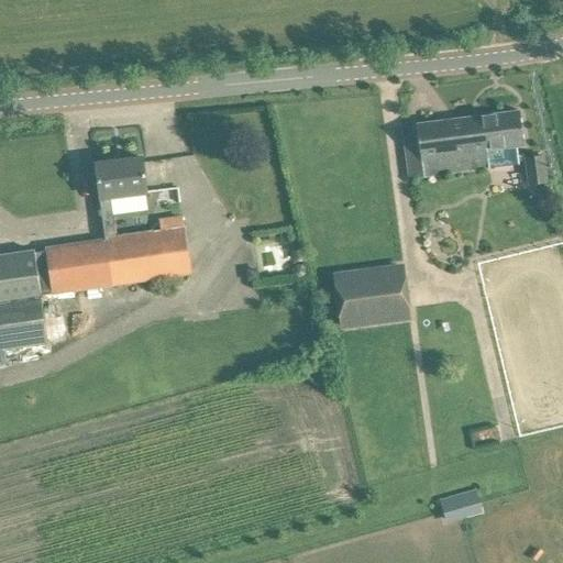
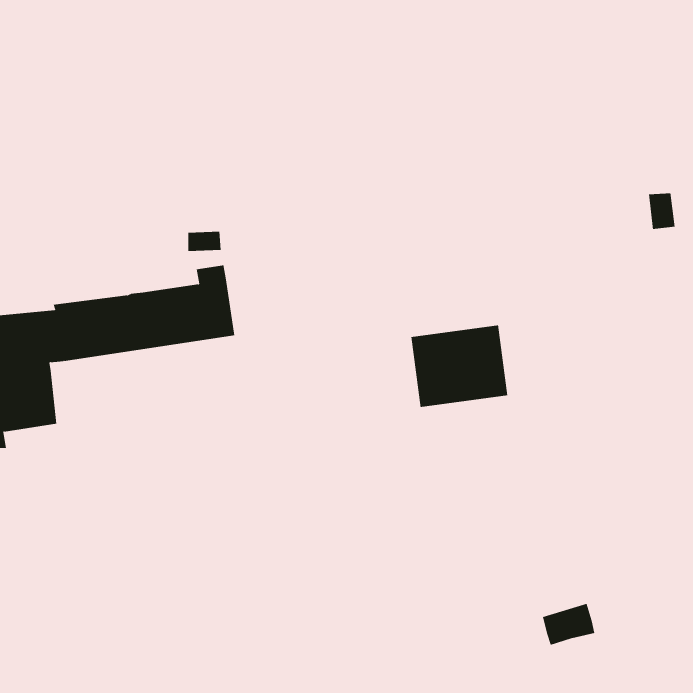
building: [401,110,523,177] -> none
building: [95,157,146,225] -> none

